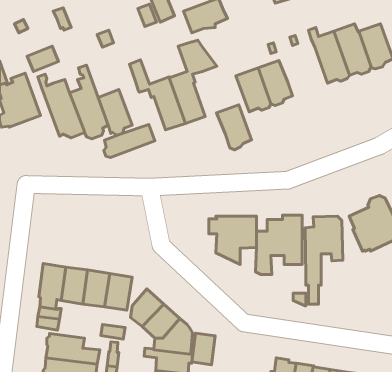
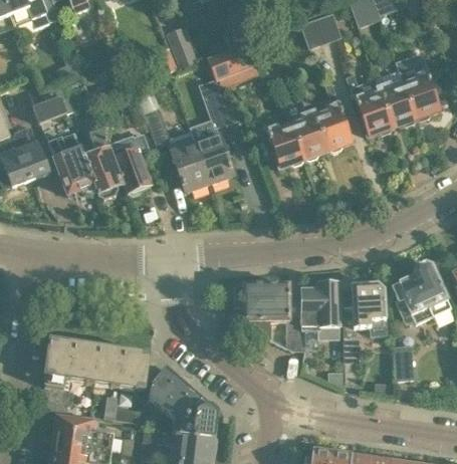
building: [216,105,251,150] -> [313,101,353,152]
building: [104,125,155,158] -> none
building: none -> [394,343,414,379]
building: [192,333,215,365] -> none

